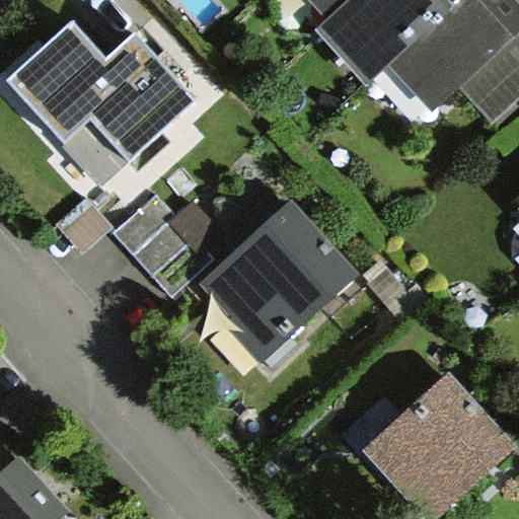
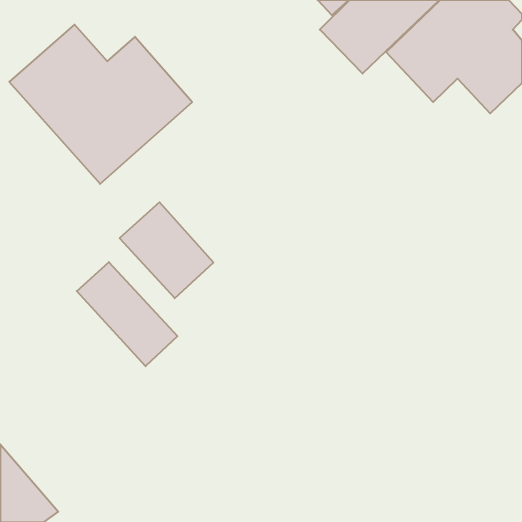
building: [214,217,353,356] -> none
building: none -> [77,262,177,366]
building: [362,378,498,514] -> none

